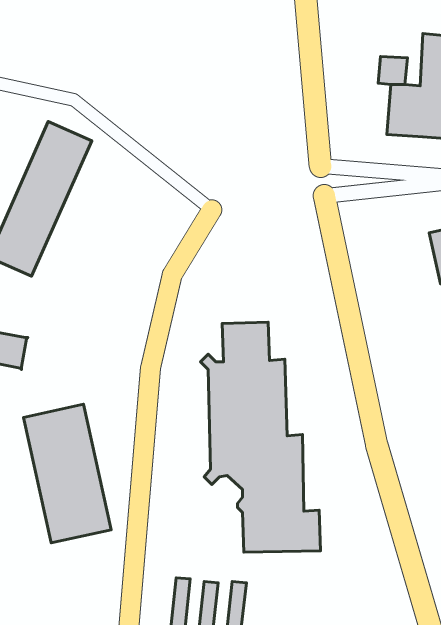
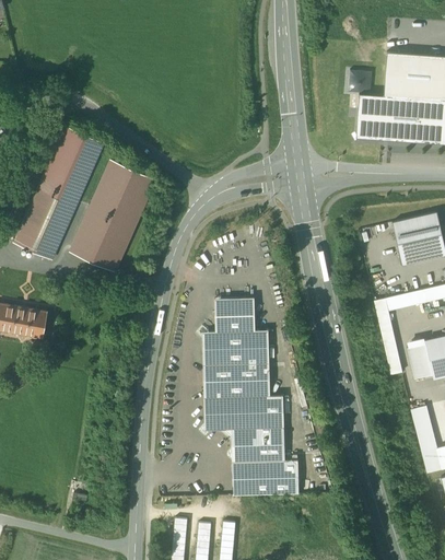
building: none -> [69,161,155,271]
building: [23,404,111,543] -> none

